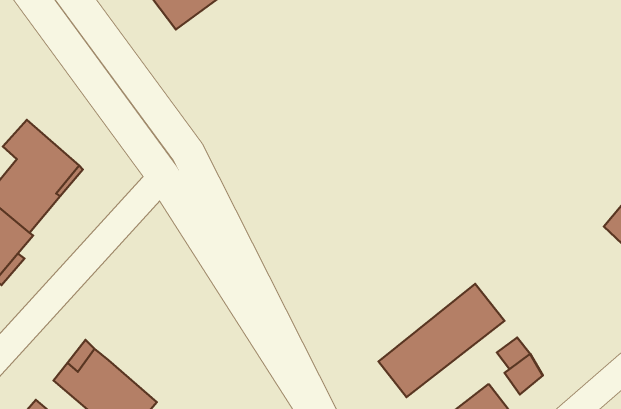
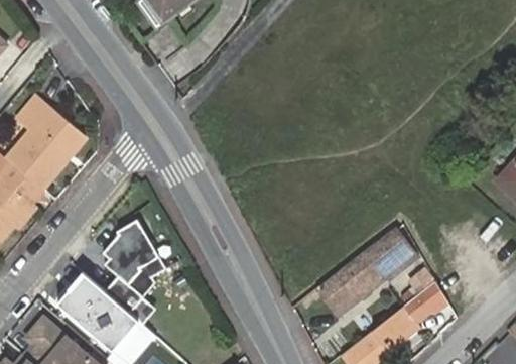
building: none -> [98,222,164,322]

